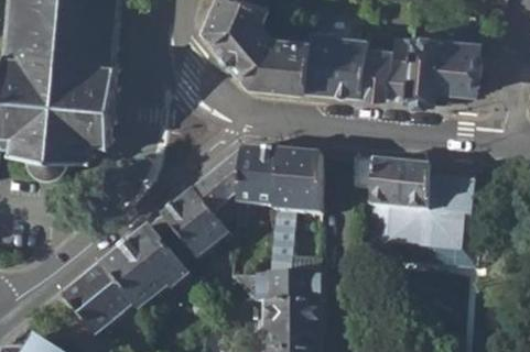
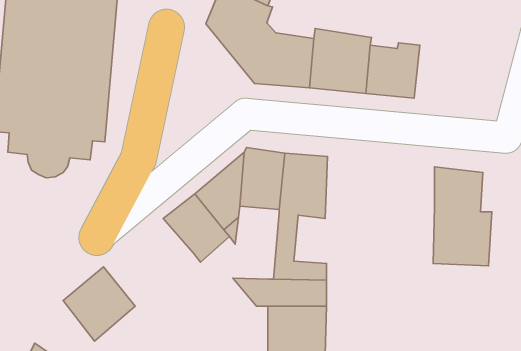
building: [407,34,478,100] -> none
building: [353,158,426,260] -> none
building: [102,216,191,308] -> none

